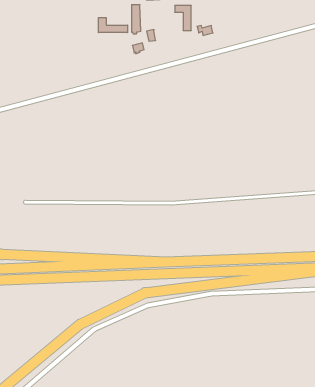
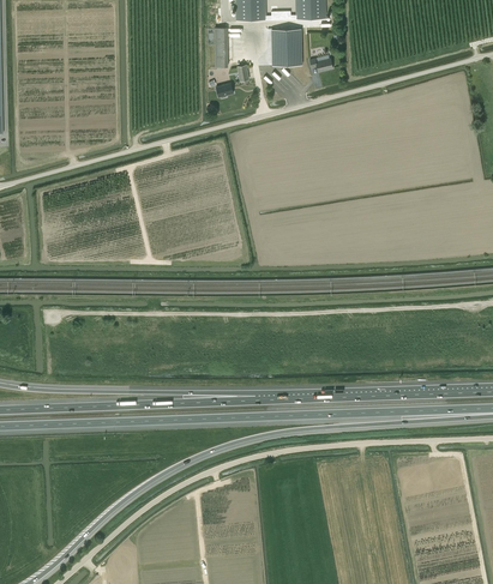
building: [98,18,128,33] -> none

